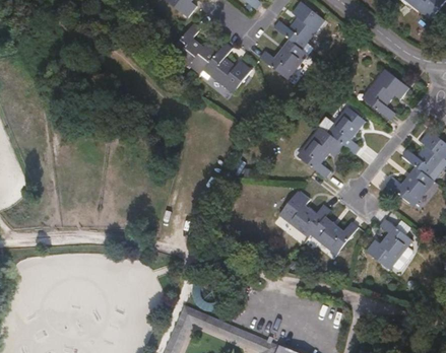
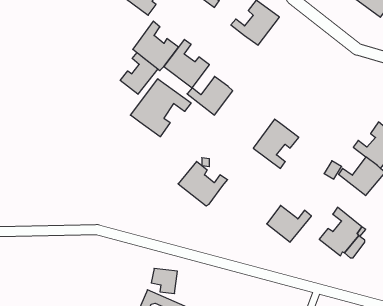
building: [259,39,307,79] -> [187,76,233,115]
building: none -> [120,53,158,94]
building: [361,68,409,121] -> none
building: none -> [130,79,191,137]
building: [327,107,365,153] -> none
building: [278,191,330,237] -> [178,161,228,206]

